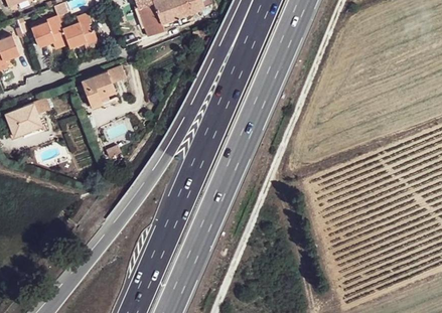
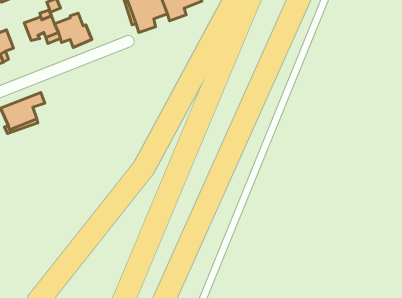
building: [82,64,127,107] -> none

